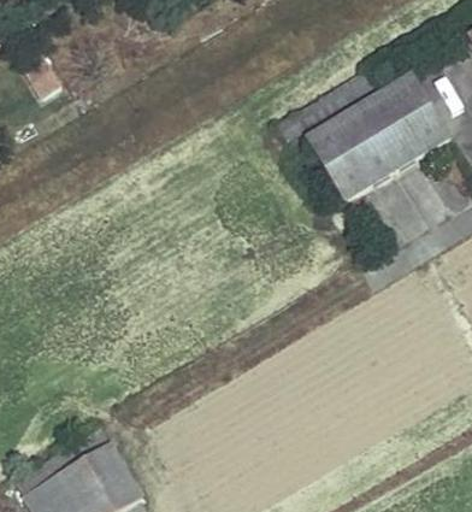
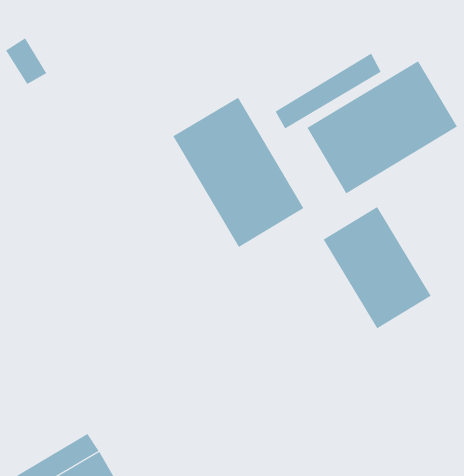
building: none -> [173,97,304,248]
building: none -> [323,206,431,329]

